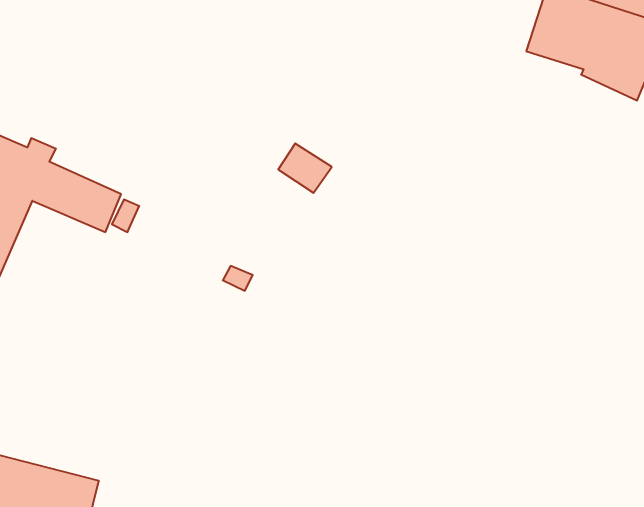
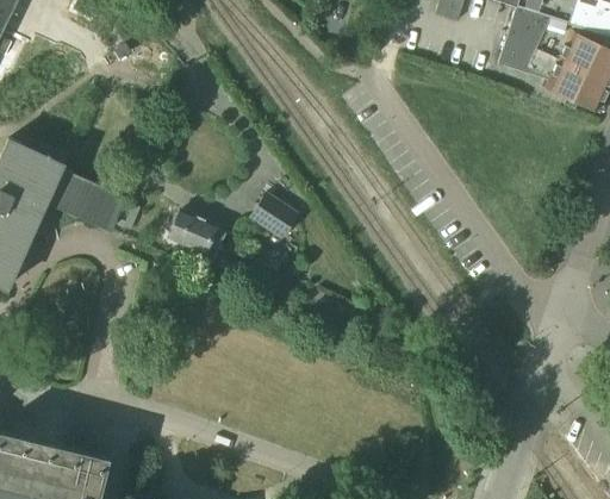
building: [278,143,332,193] -> [249,192,298,237]
building: none -> [168,210,217,262]

